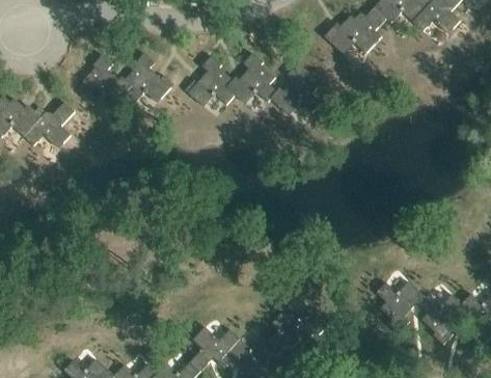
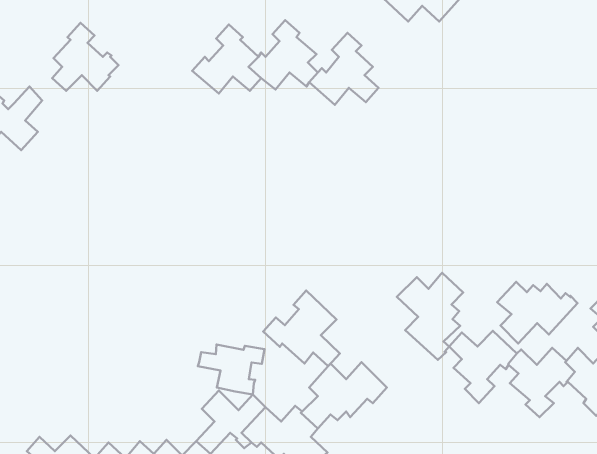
building: [122,53,173,104] -> none
building: none -> [397,273,463,360]
building: none -> [497,282,578,344]
building: none -> [263,291,340,366]
building: none -> [198,345,264,395]

